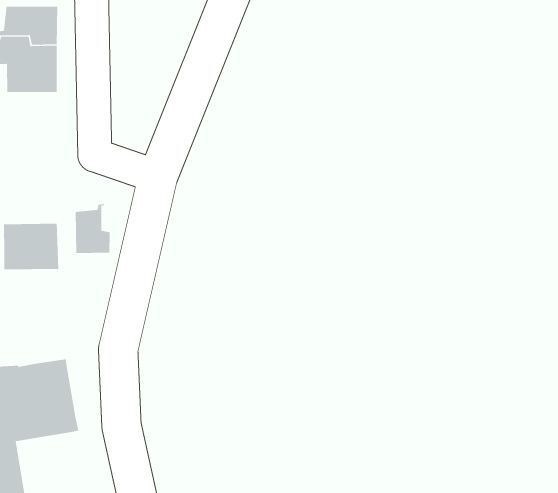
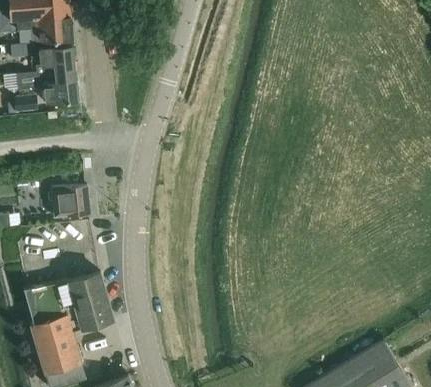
building: [75,204,111,254] -> none

